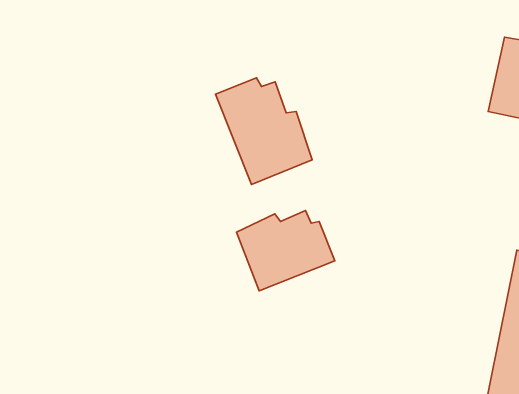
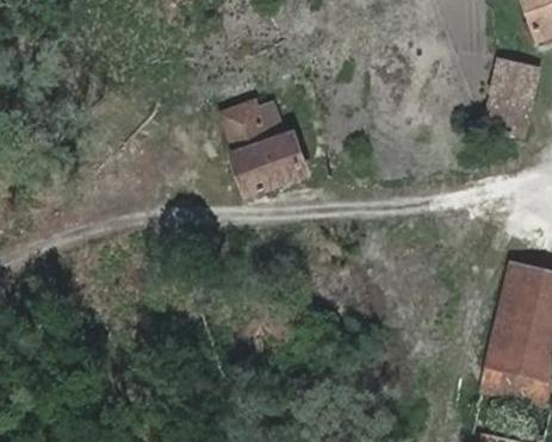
building: [236,211,335,291] -> none

